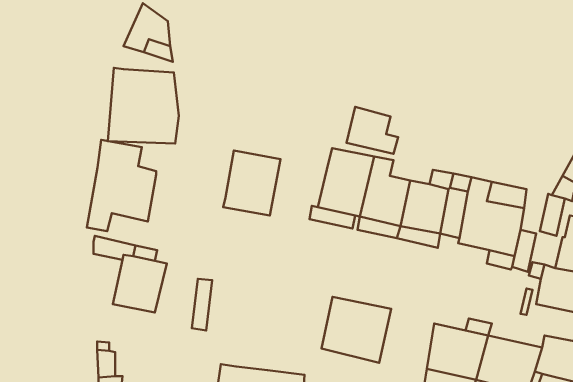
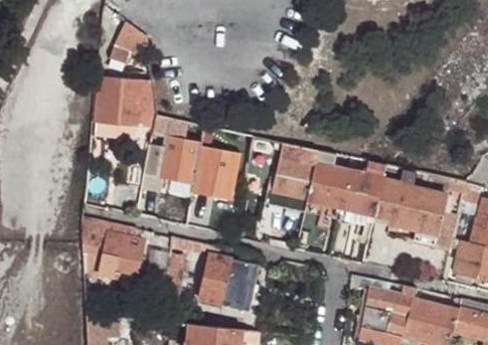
building: [346,107,398,154] -> none
building: [87,140,156,231] -> [143,117,201,193]
building: [322,297,391,363] -> [201,256,260,312]

